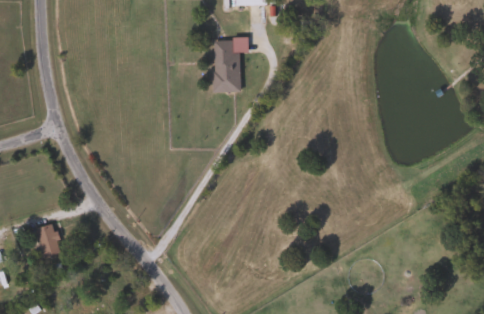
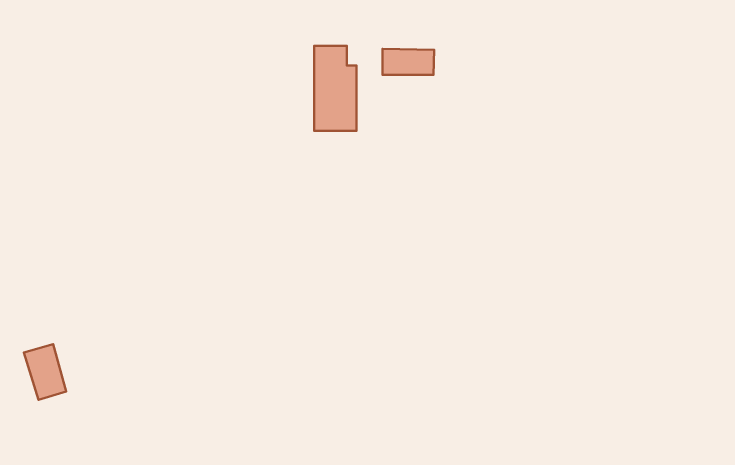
building: none -> [383,49,434,75]

